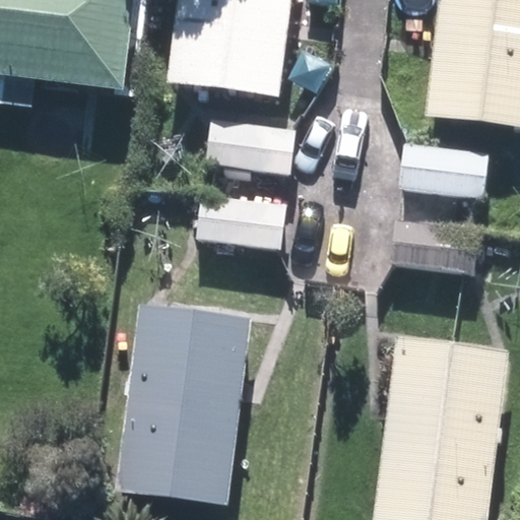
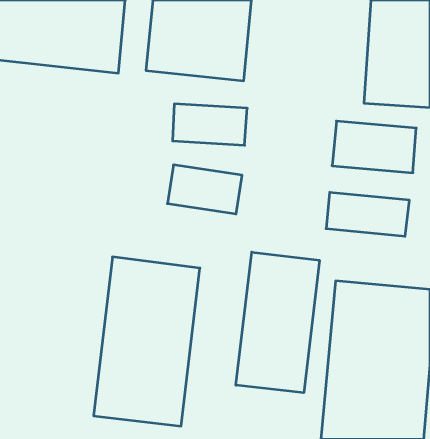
building: none -> [236,252,319,393]

